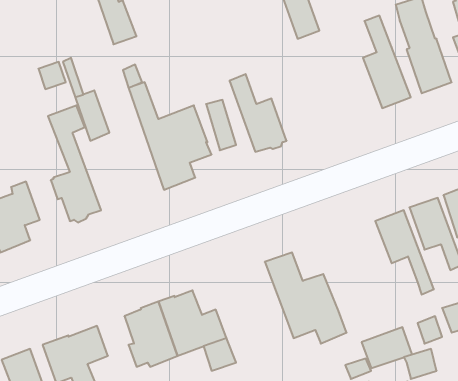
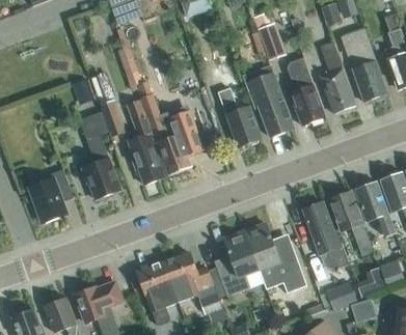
building: none -> [286,58,324,125]
building: none -> [243,65,293,137]
building: none -> [127,101,164,185]
building: none -> [302,201,349,270]
building: none -> [216,230,259,296]

